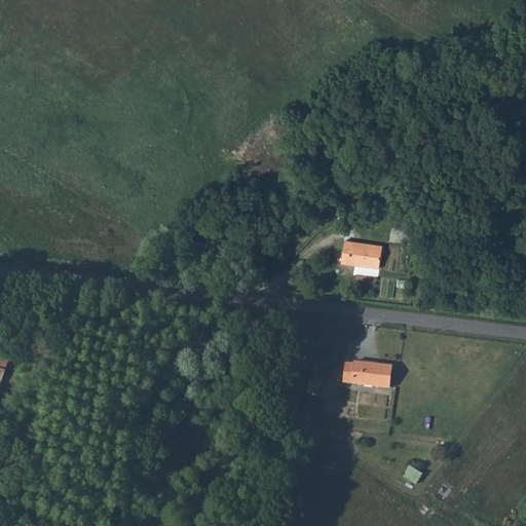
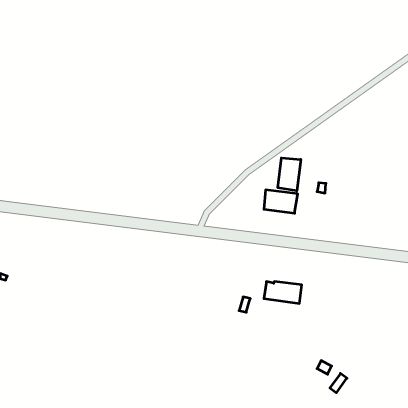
building: none -> [278,158,301,191]

